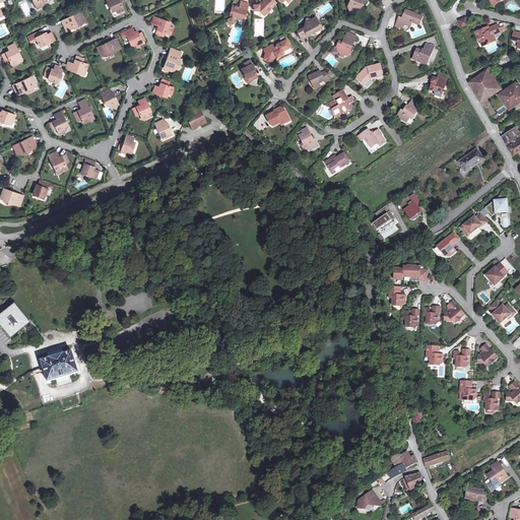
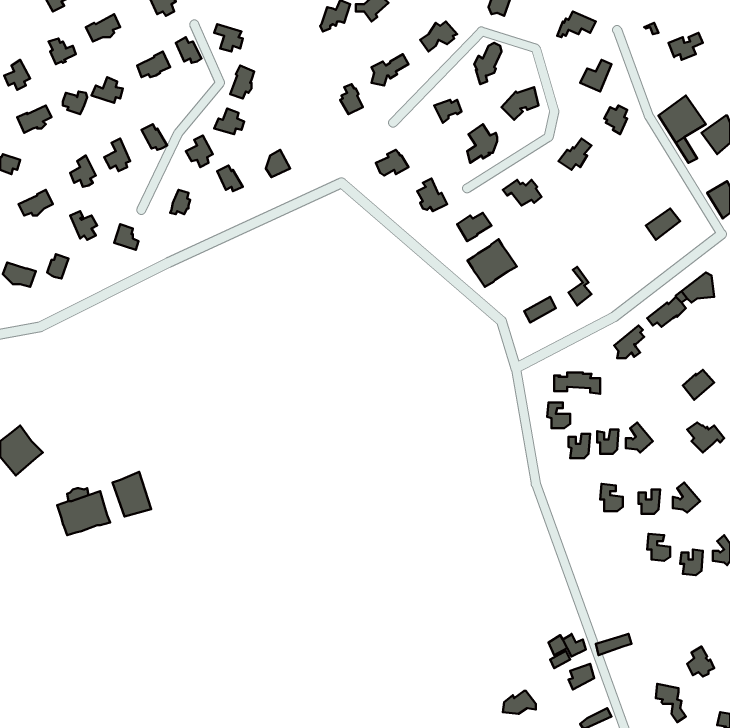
building: none -> [468,239,517,287]
building: none -> [112,472,151,517]

